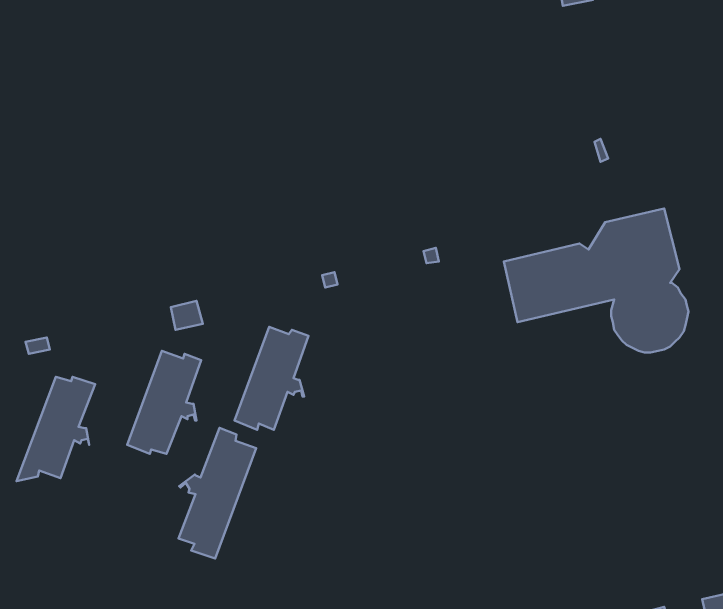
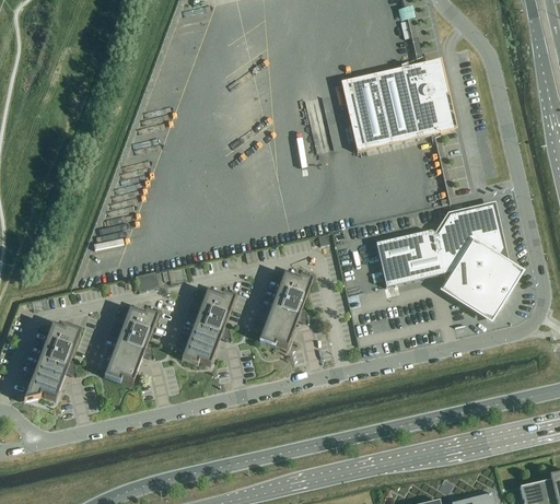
building: none -> [339,61,446,150]
building: none -> [258,271,312,345]
building: [179,428,256,559] -> none

